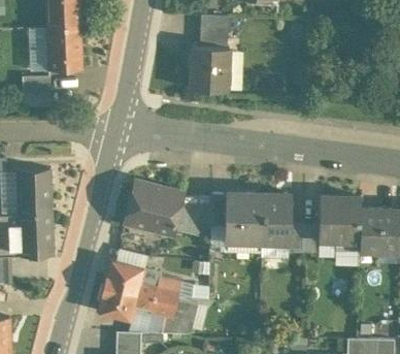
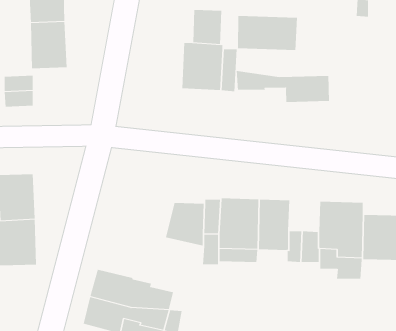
building: none -> [237,15,298,51]
building: [31,27,48,71] -> none
building: none -> [236,70,330,103]
building: [124,180,184,234] -> none

